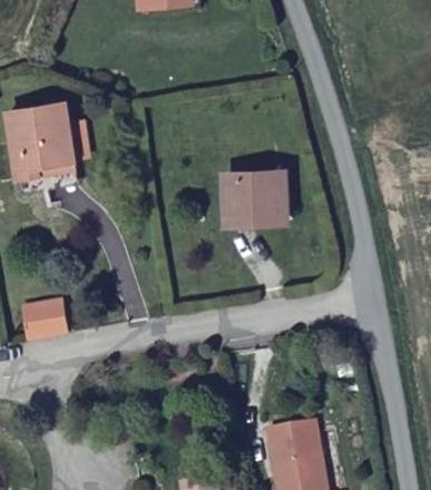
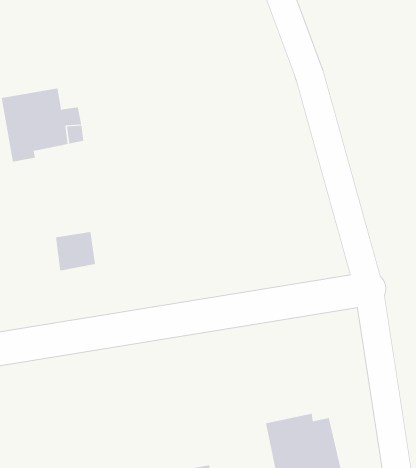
building: [228,179,281,227] -> none
building: [23,303,63,342] -> [55,232,96,271]

